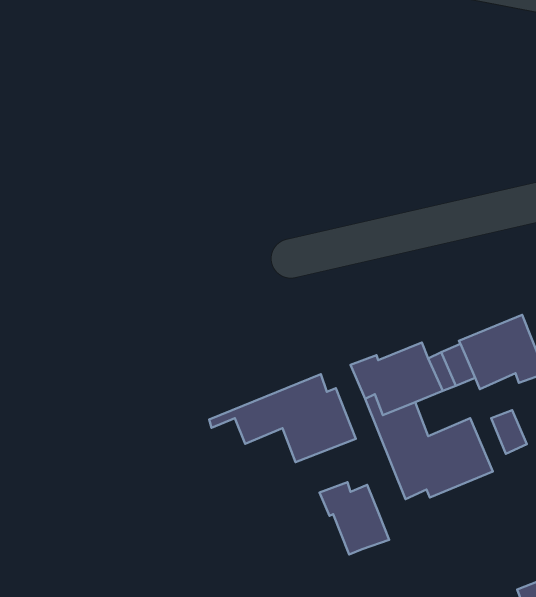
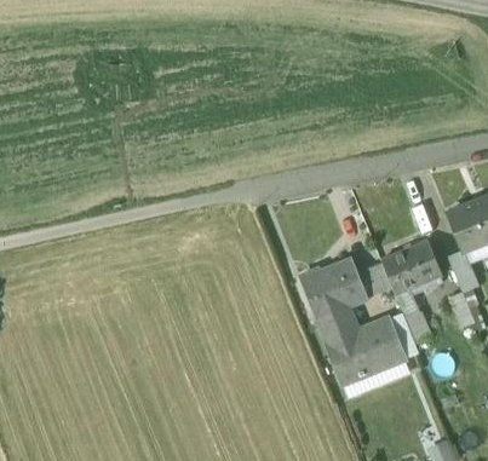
building: [209,374,356,462] -> none
building: [320,482,389,554] -> none

